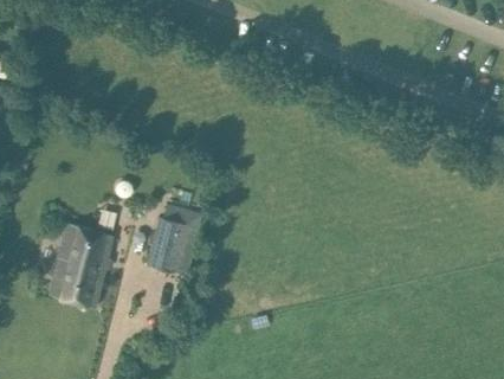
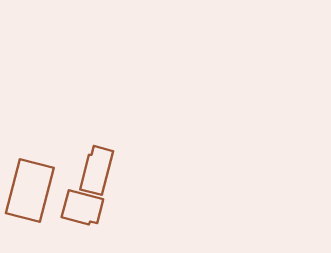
building: none -> [61,190,103,225]

